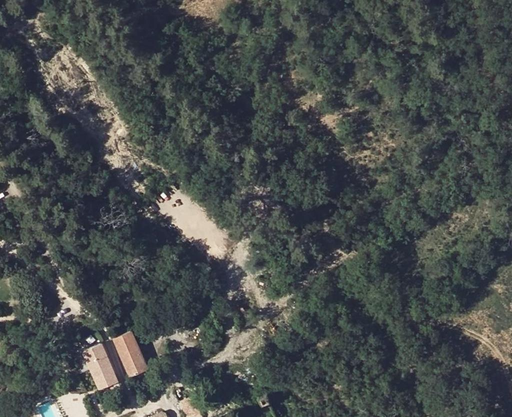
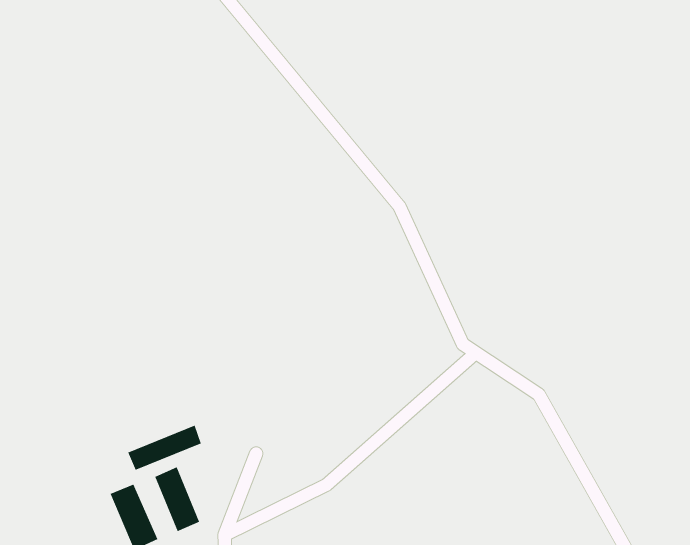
building: none -> [127,424,202,471]

